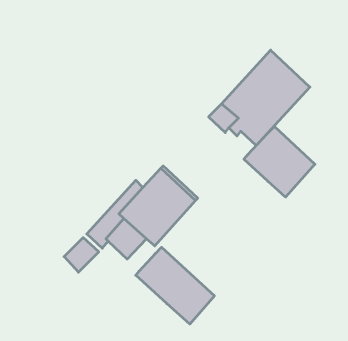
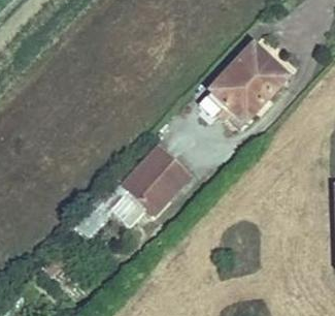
building: [244,126,315,197] -> none
building: [136,247,214,324] -> none

